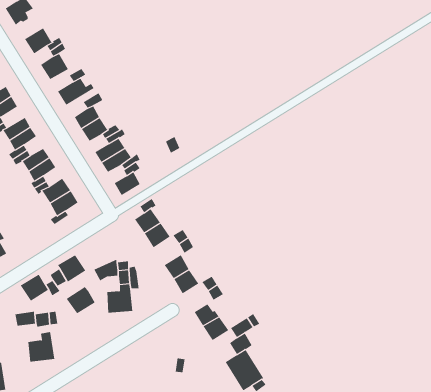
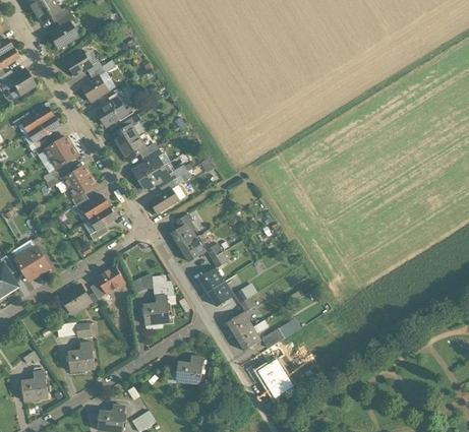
building: [66,286,96,314] -> none
building: none -> [176,356,201,383]

